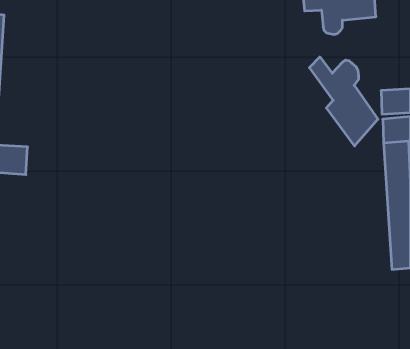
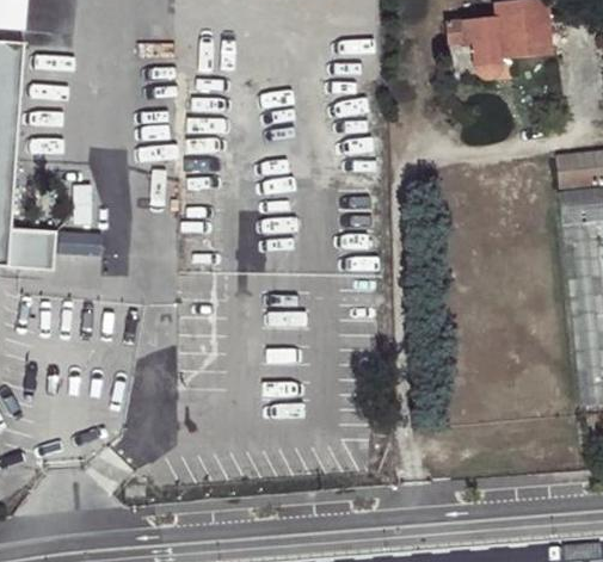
building: [309,57,378,146] -> none

